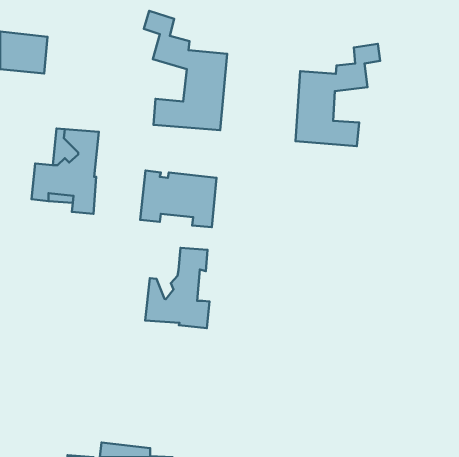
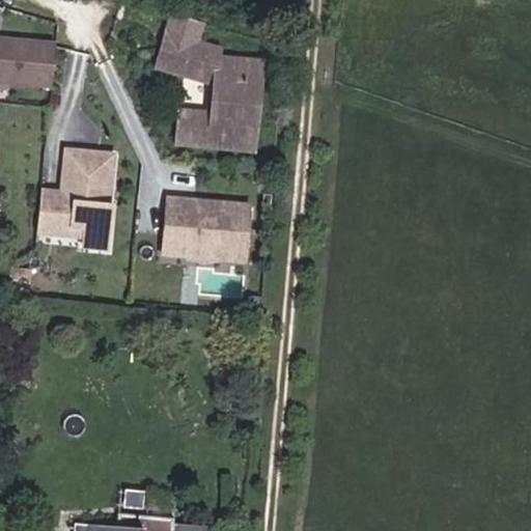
building: none -> [156,33,216,117]
building: [295,44,380,146] -> none
building: [145,248,209,328] -> none

